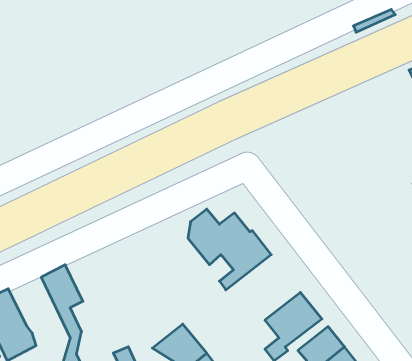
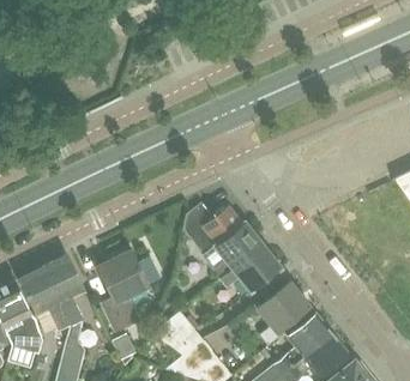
building: none -> [218,244,279,290]
building: none -> [96,249,149,331]
building: none -> [18,266,71,329]

